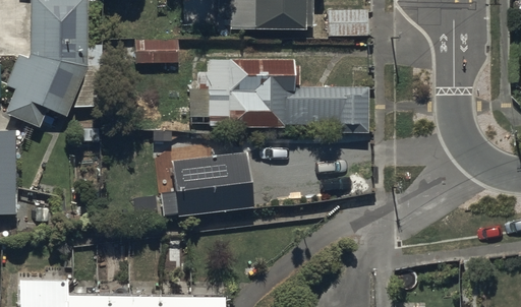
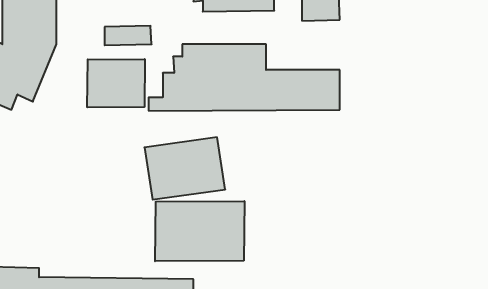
building: none -> [87,59,145,107]
building: none -> [155,201,244,261]

